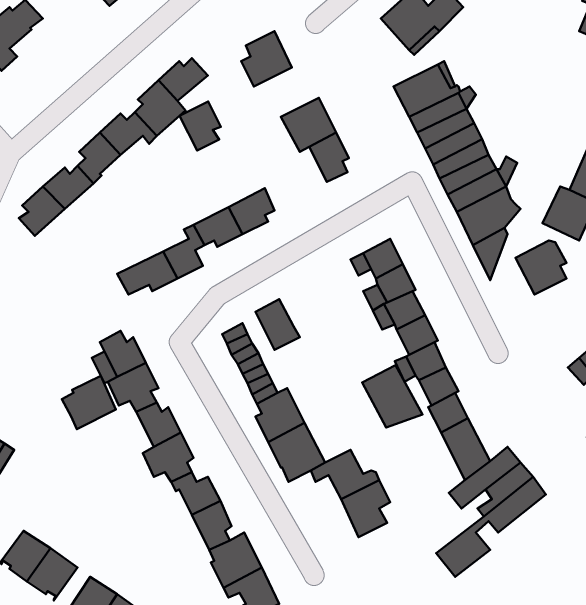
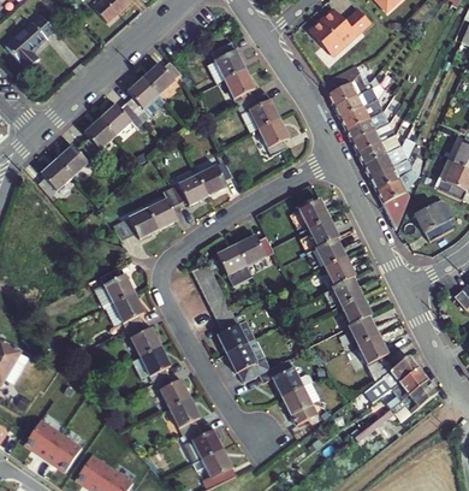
building: [180,101,221,151] -> [222,69,254,106]
building: none -> [234,235,273,265]
building: [362,365,423,428] -> none
building: [62,376,116,429] -> none

